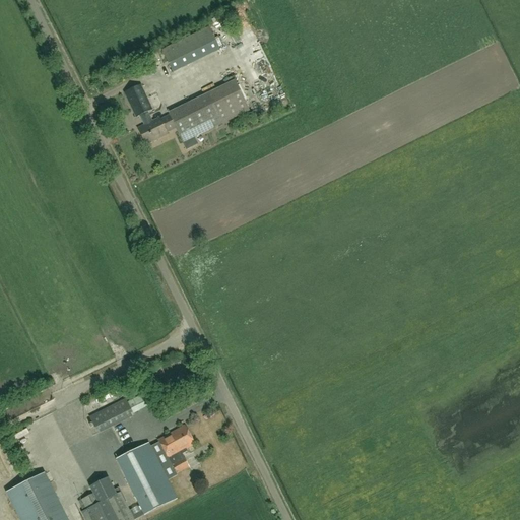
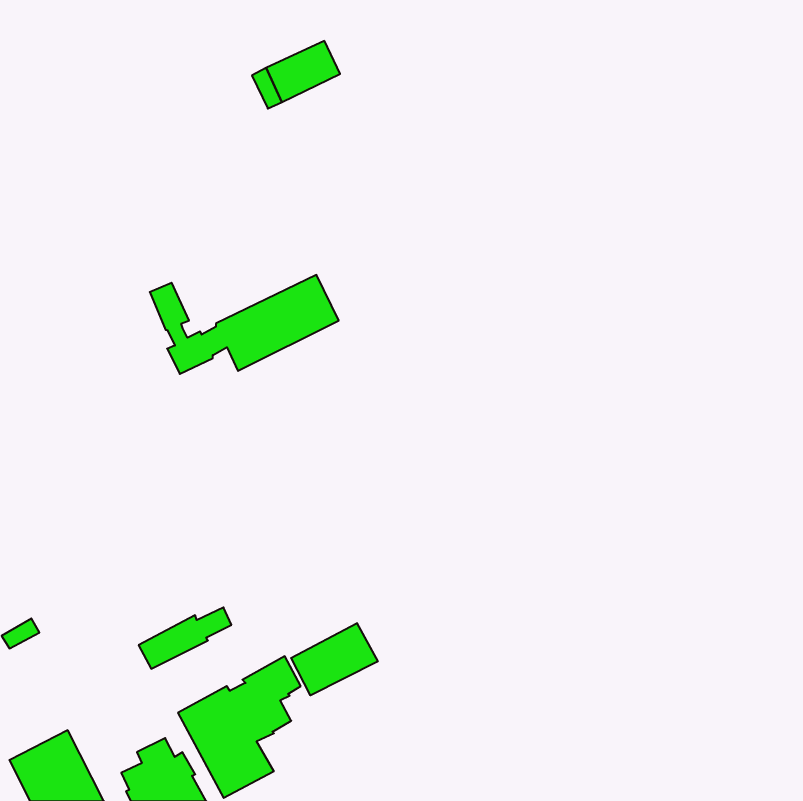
building: [126,79,248,143] -> [150,275,339,374]
building: none -> [291,623,378,695]

